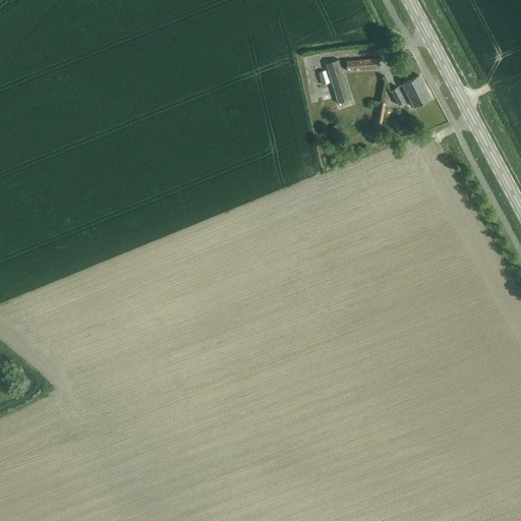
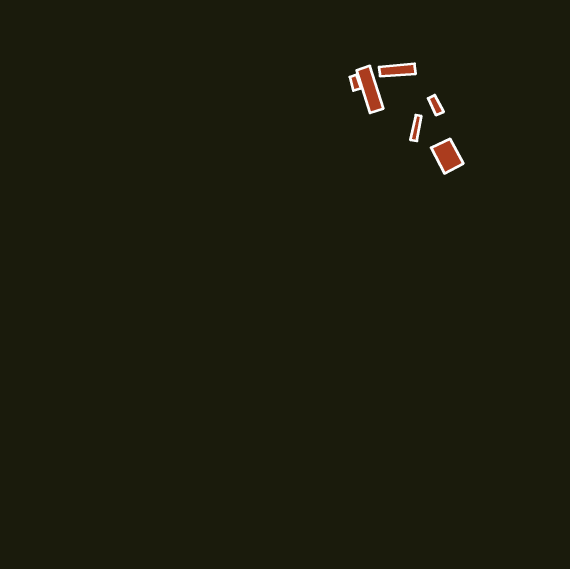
building: [402,75,431,107] -> [431,139,463,173]

